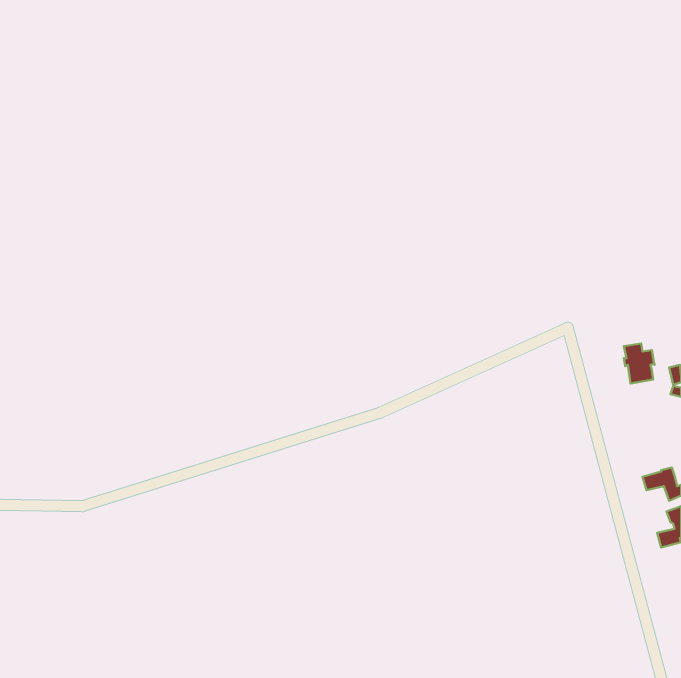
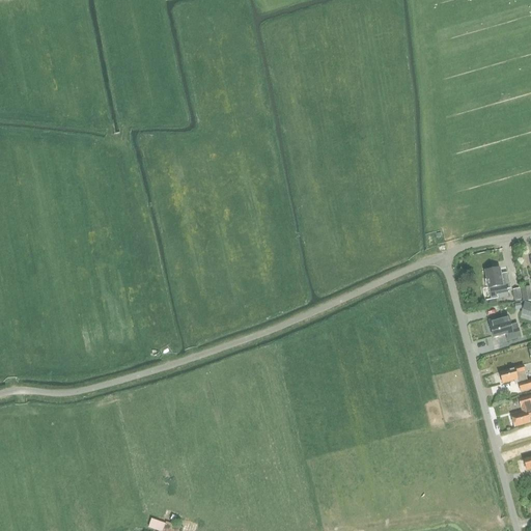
building: none -> [490,315,521,339]

